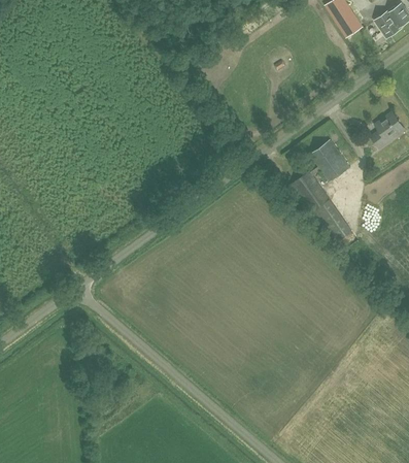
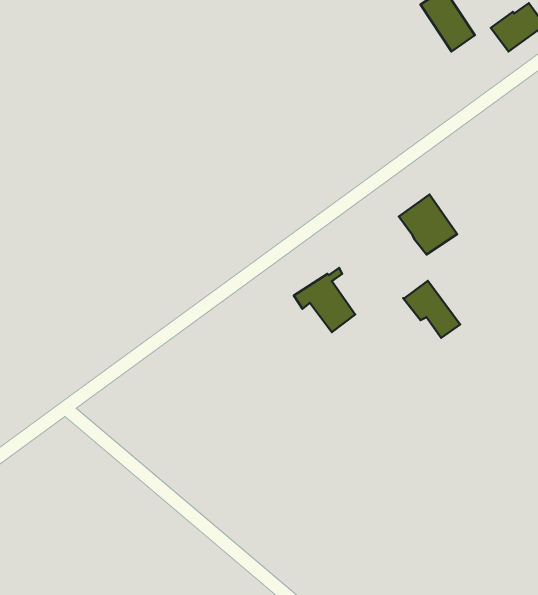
building: [371,112,402,147] -> none
building: [286,166,330,211] -> [294,268,355,332]

